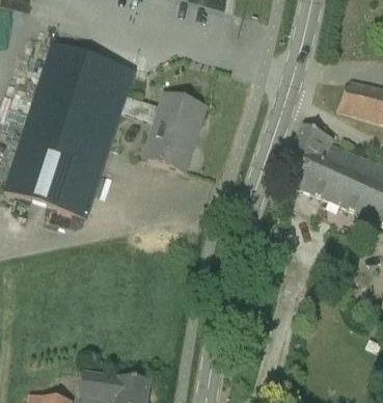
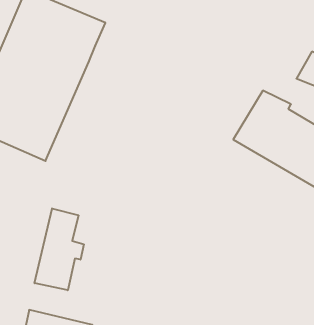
building: [124,91,207,169] -> none
building: none -> [35,208,84,290]

